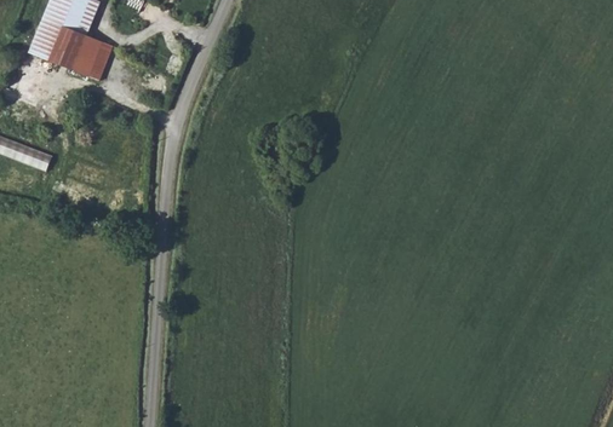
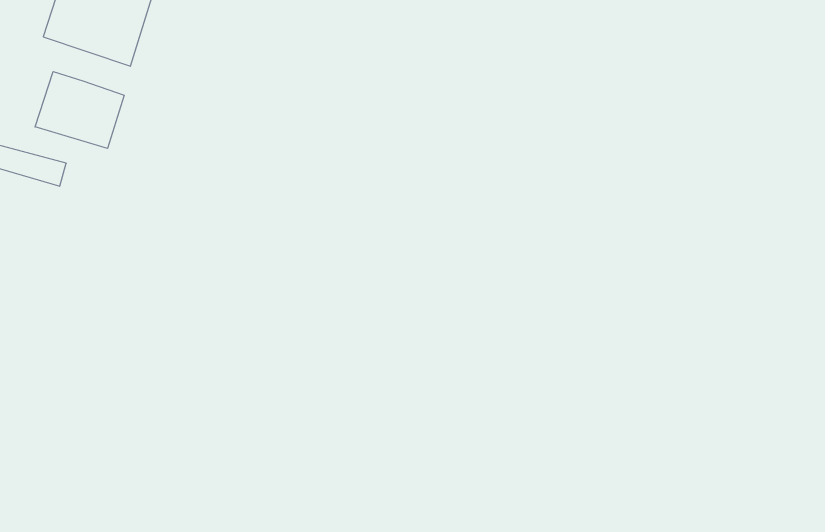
building: none -> [35,72,124,148]

